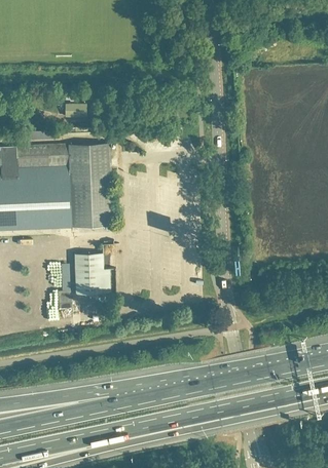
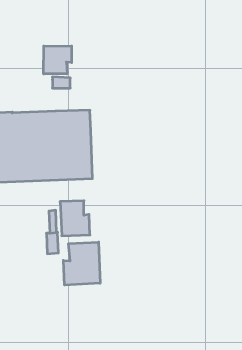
building: none -> [44,46,72,74]
building: none -> [63,242,100,285]

